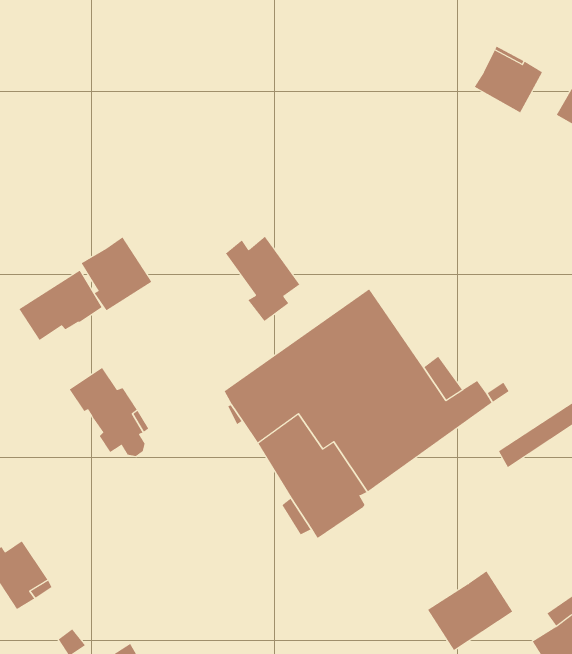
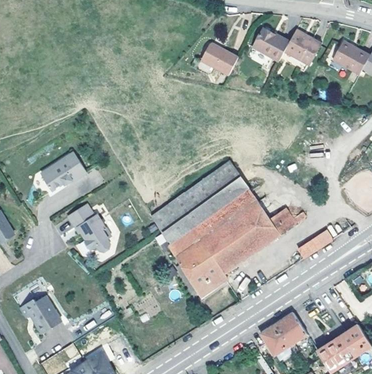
building: none -> [254,31,290,63]
building: none -> [204,42,242,74]
building: [225,236,300,322] -> none
building: [81,236,152,311] -> none

